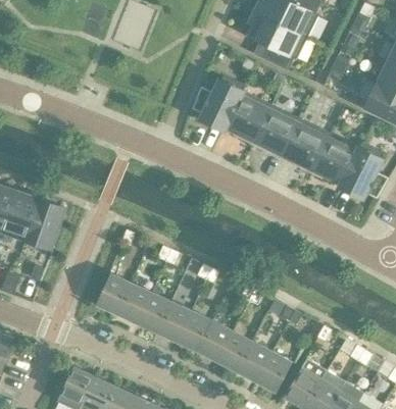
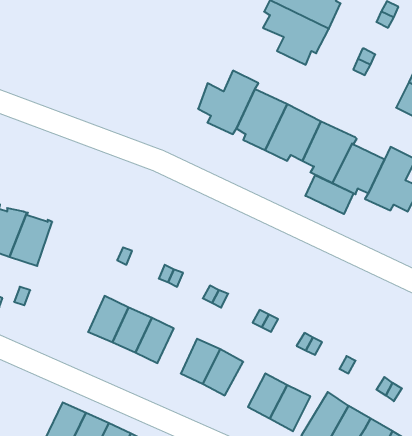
building: none -> [305,175,354,214]
building: [156,302,191,342] -> none
building: [215,331,251,371] -> none

